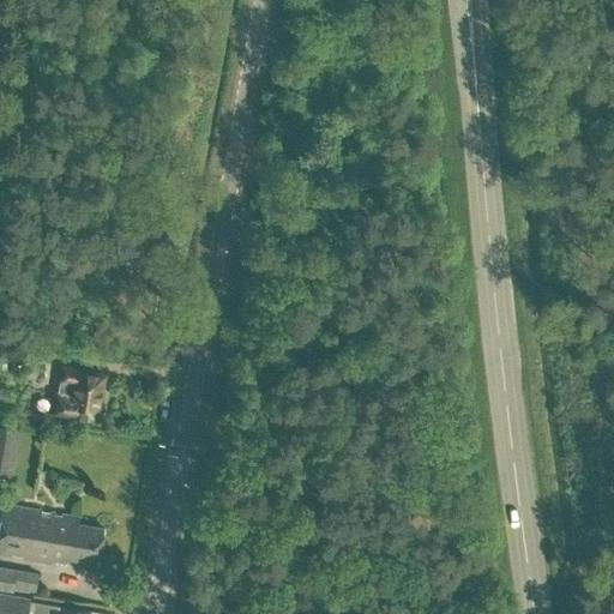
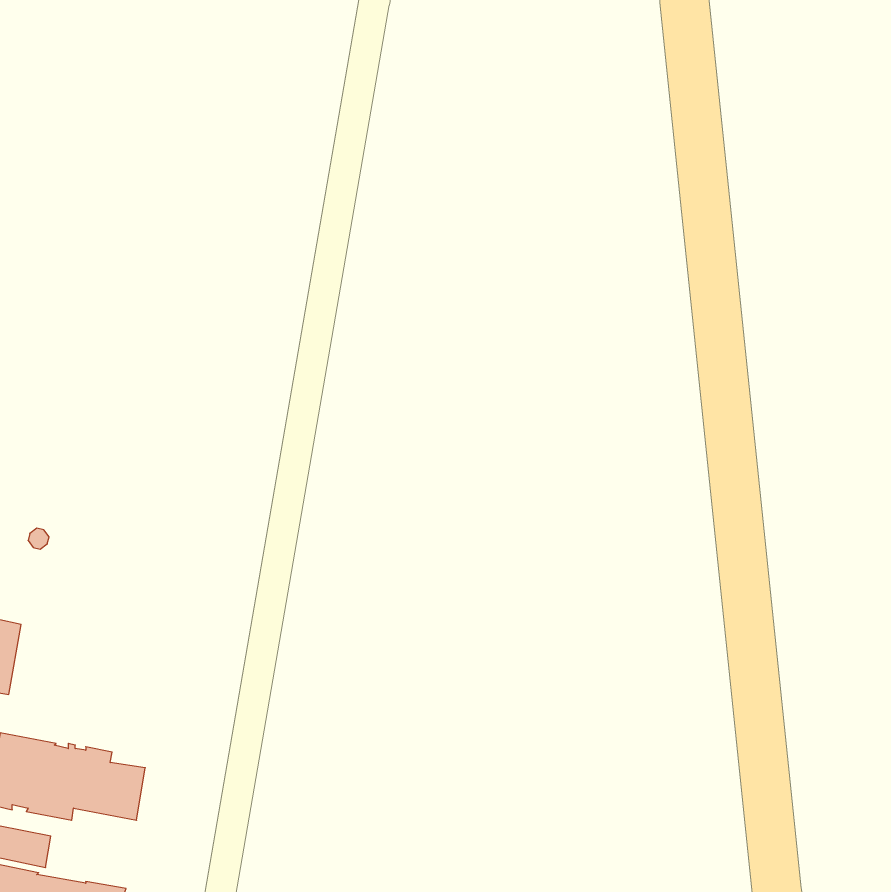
building: [53,368,101,422] -> none

